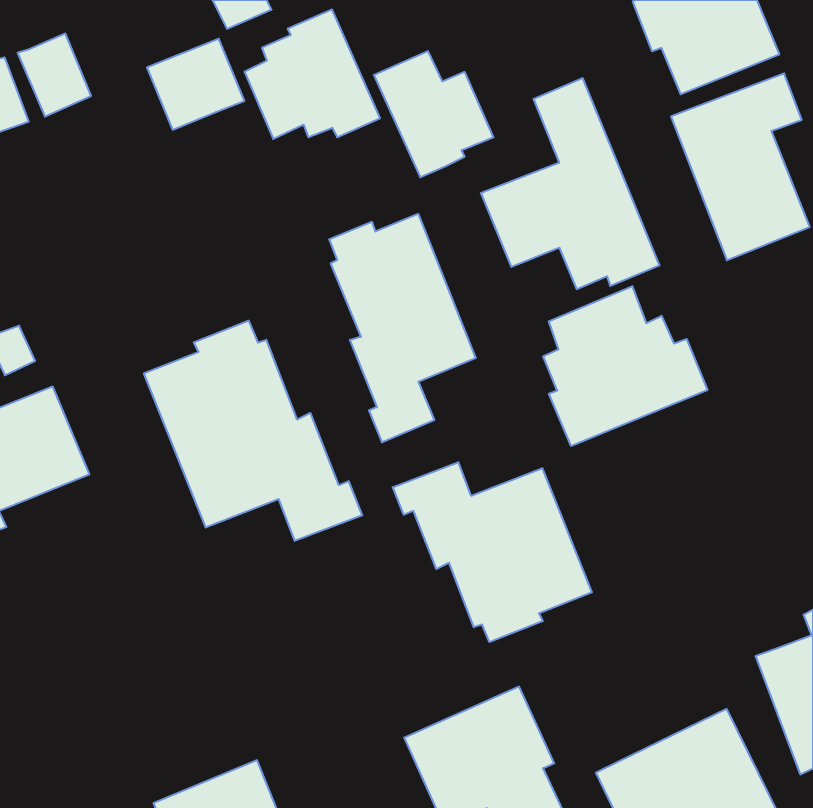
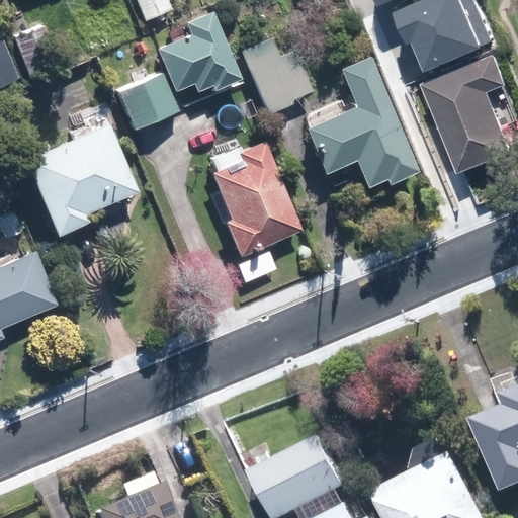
building: [147,39,244,130] -> [115,75,177,133]
building: none -> [23,122,139,235]
building: [543,286,707,446] -> none
building: [144,321,362,541] -> none
building: [393,462,592,642] -> none

